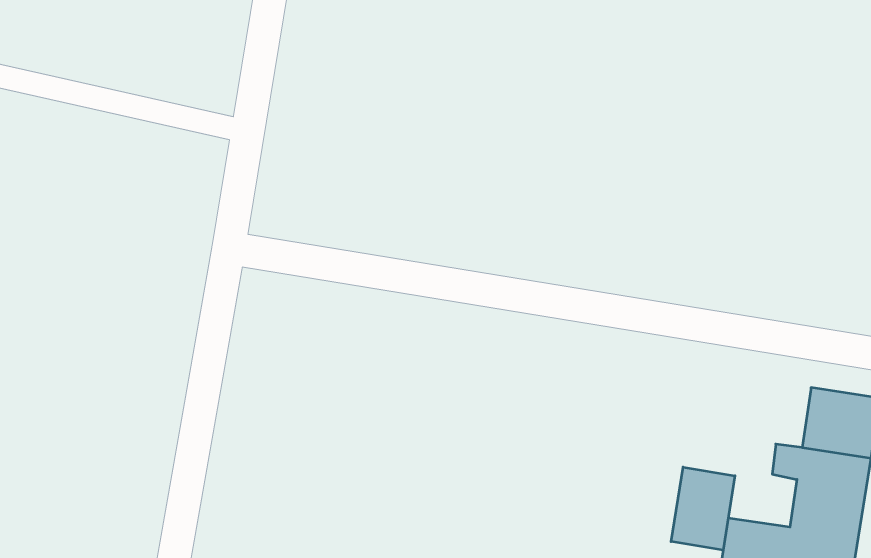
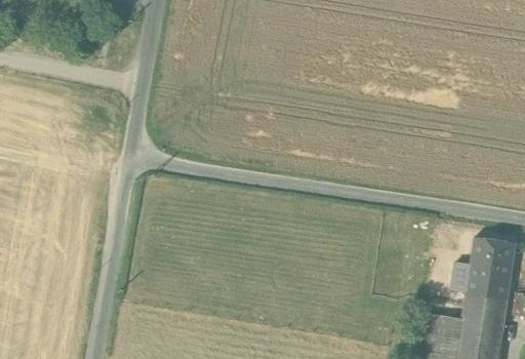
building: [671,467,735,550] -> none

